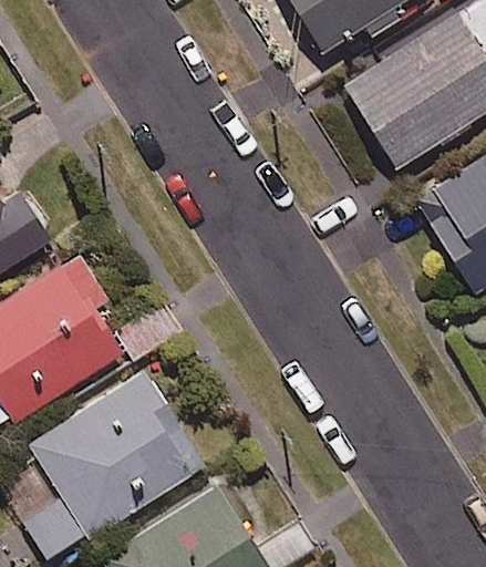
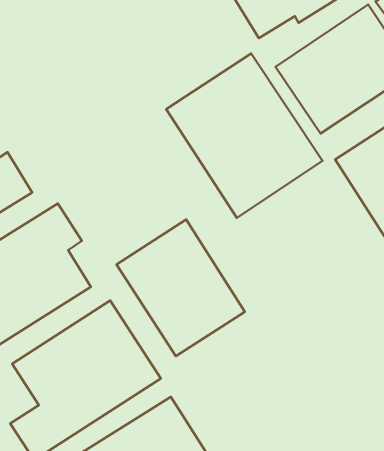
building: none -> [166,53,323,218]
building: none -> [117,220,245,356]

